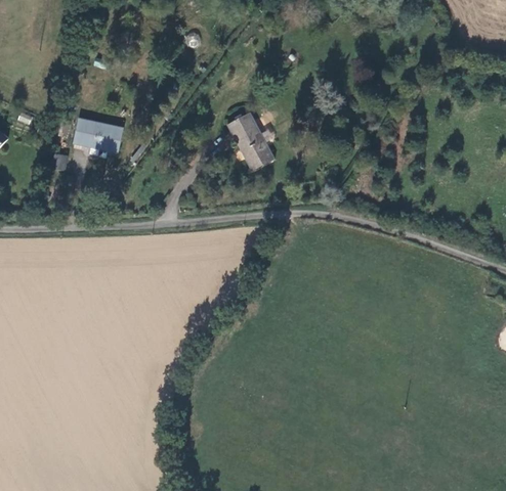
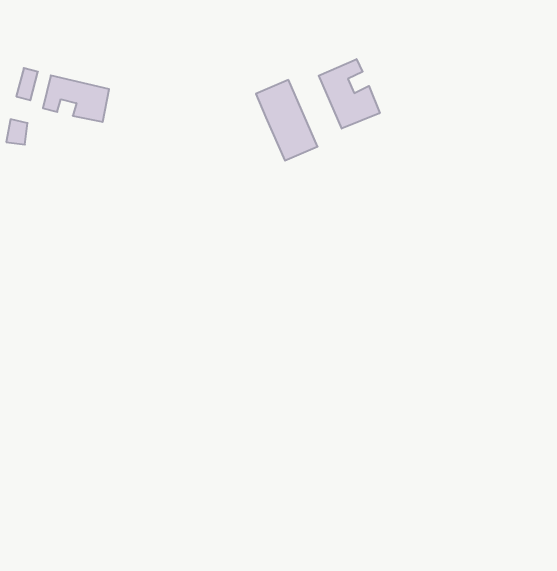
building: none -> [319,59,380,129]

